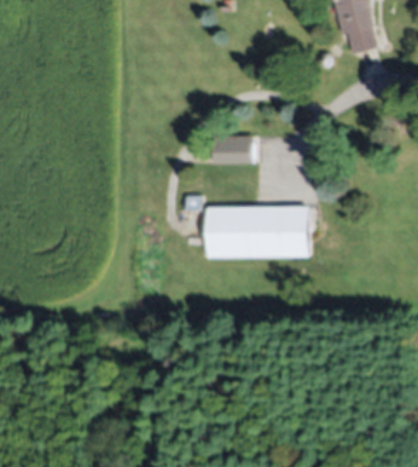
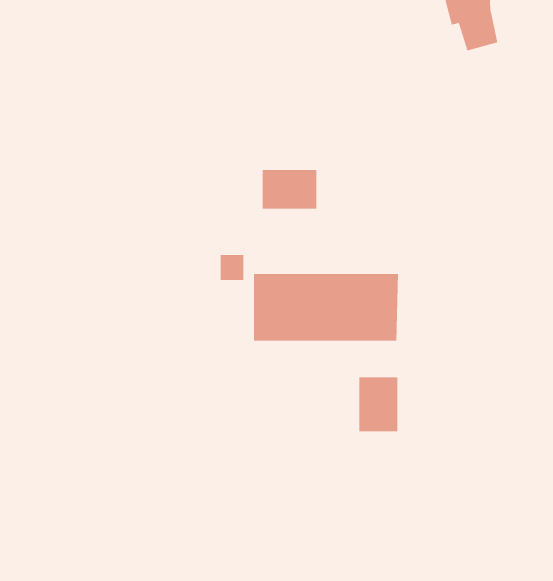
building: none -> [359,376,398,432]

